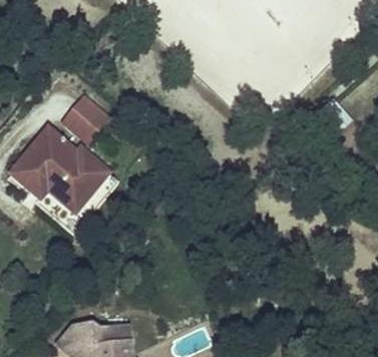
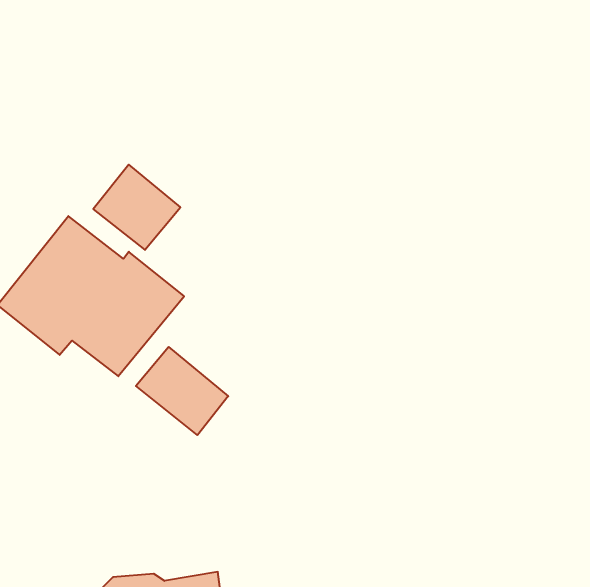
building: none -> [136,347,228,435]

